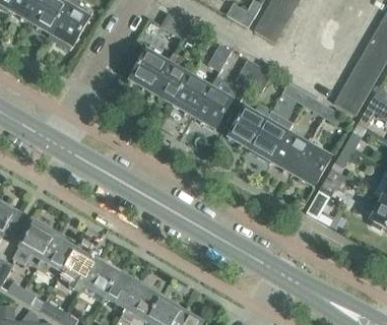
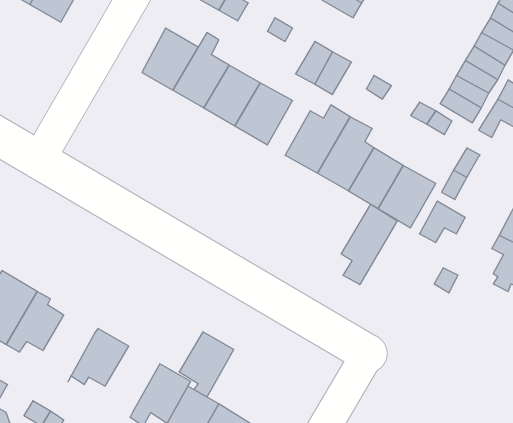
building: none -> [341,204,397,285]
building: [61,247,96,292] -> none
building: [104,268,141,313] -> [179,332,234,397]

